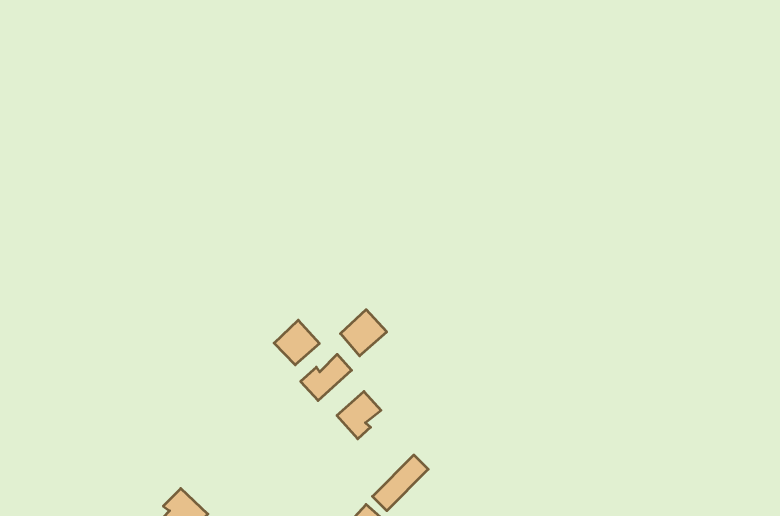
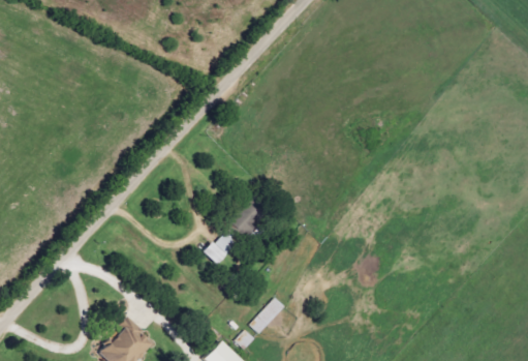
building: [274,320,319,365] -> none
building: [337,391,381,439] -> none

